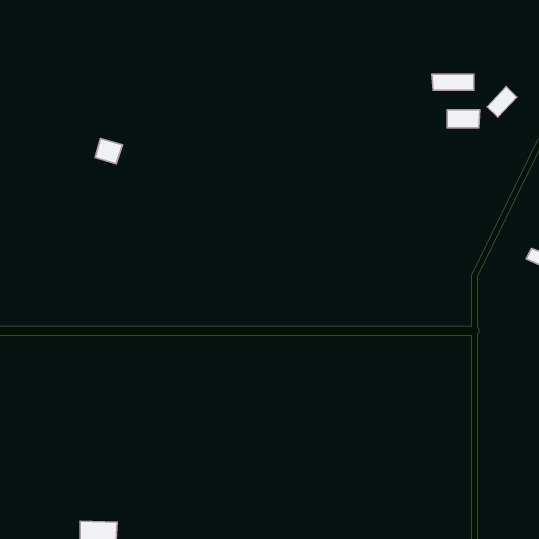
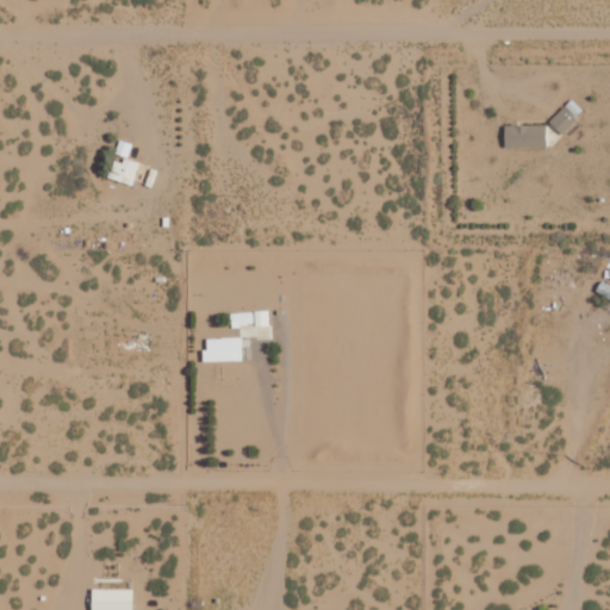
building: [432,74,474,90] -> none
building: none -> [205,337,243,362]

